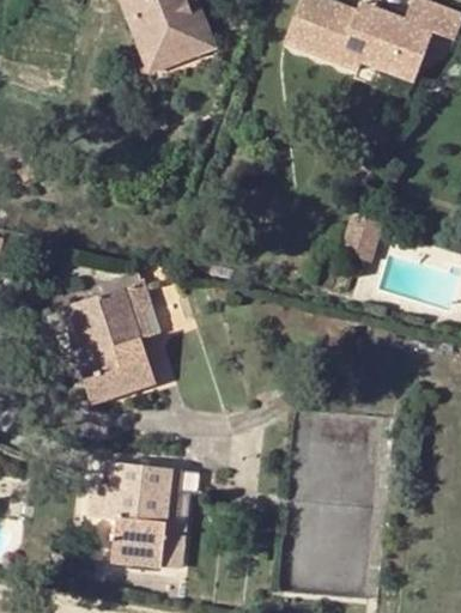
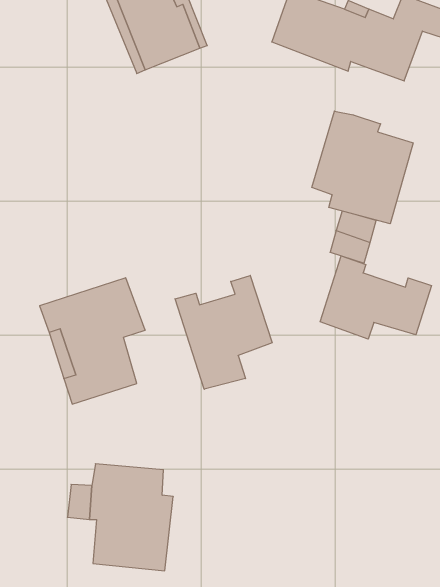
building: none -> [312,111,413,224]
building: none -> [320,256,432,339]
building: none -> [175,275,272,389]

